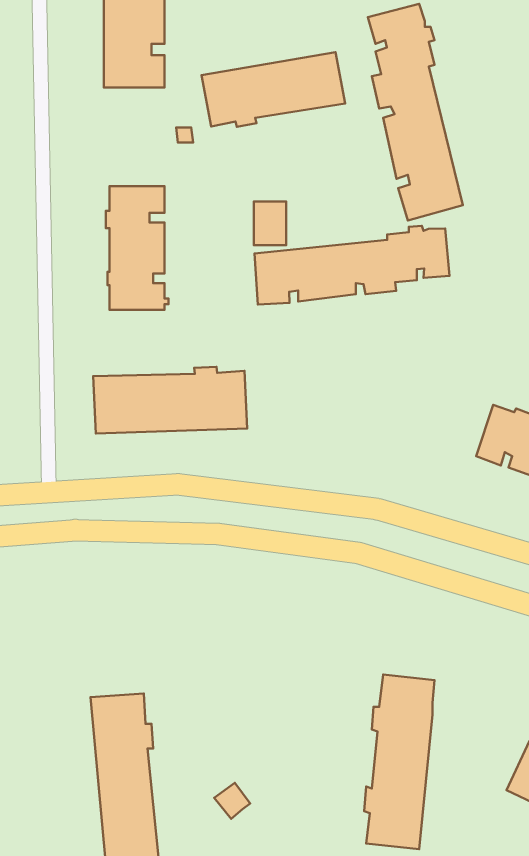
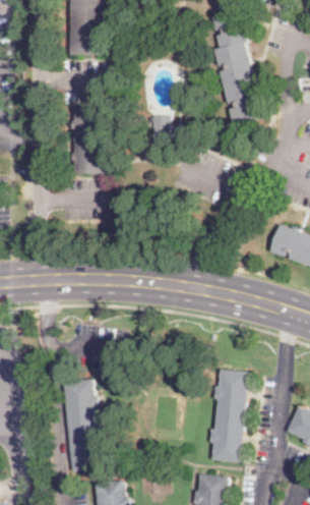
building: [202,52,345,127] -> none
building: [254,226,449,305] -> none
building: [93,367,247,433] -> none

